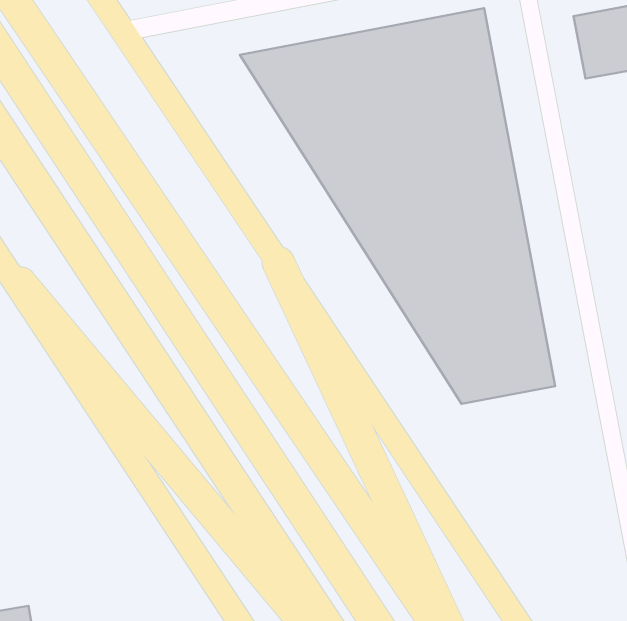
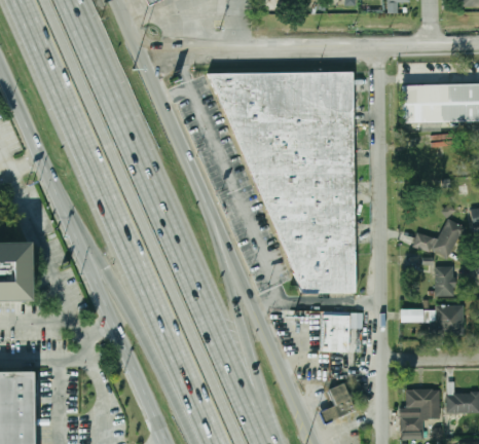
building: none -> [324,316,351,353]
building: none -> [320,382,356,422]

